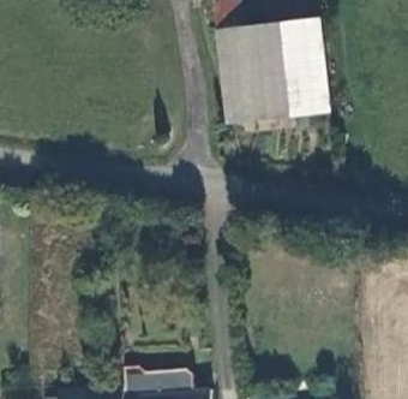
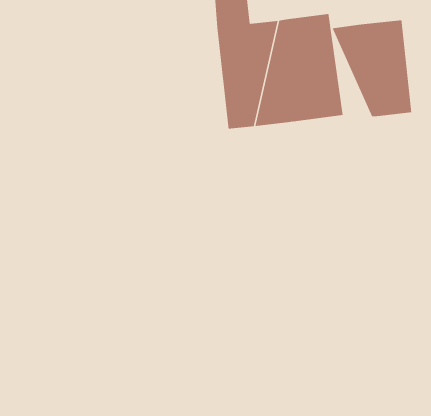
building: none -> [332,19,412,117]

